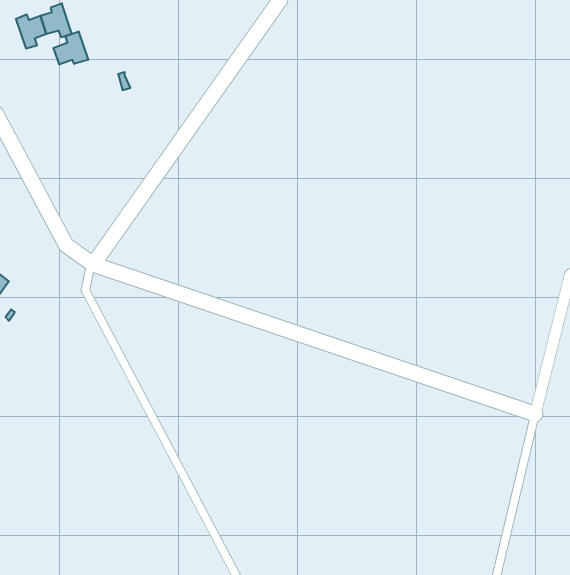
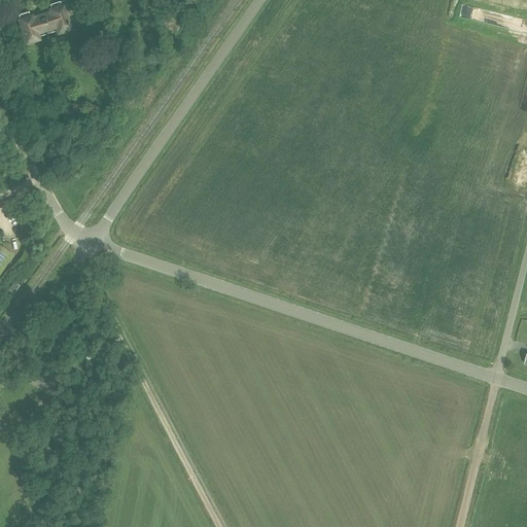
building: [53,31,88,65] -> none

